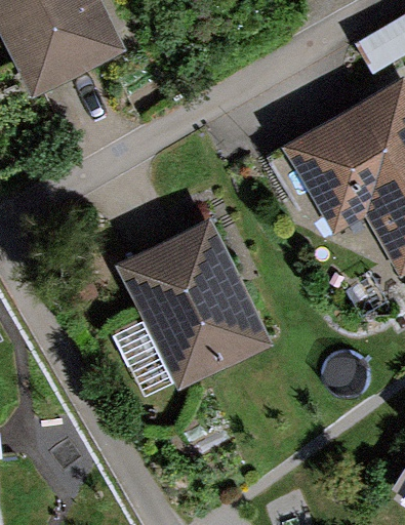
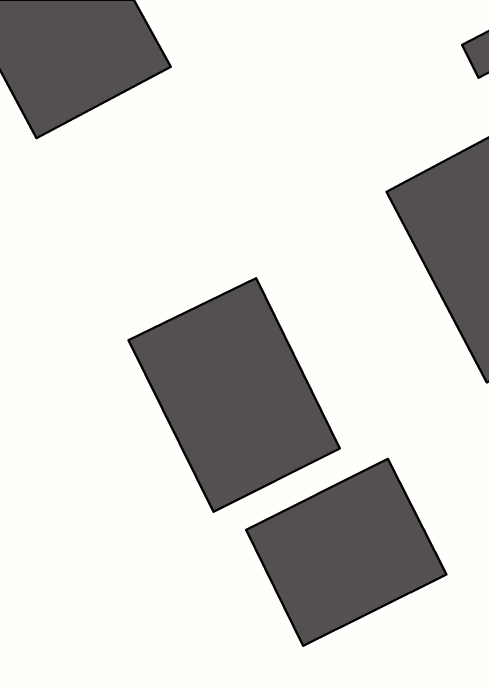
building: none -> [246,459,447,646]

